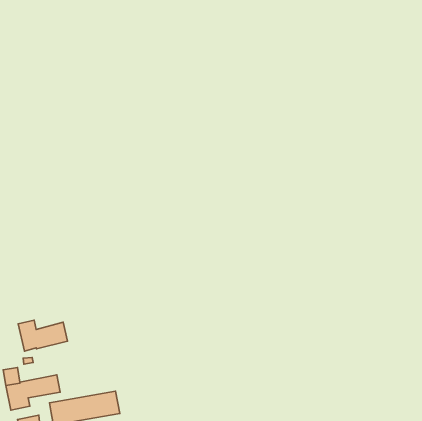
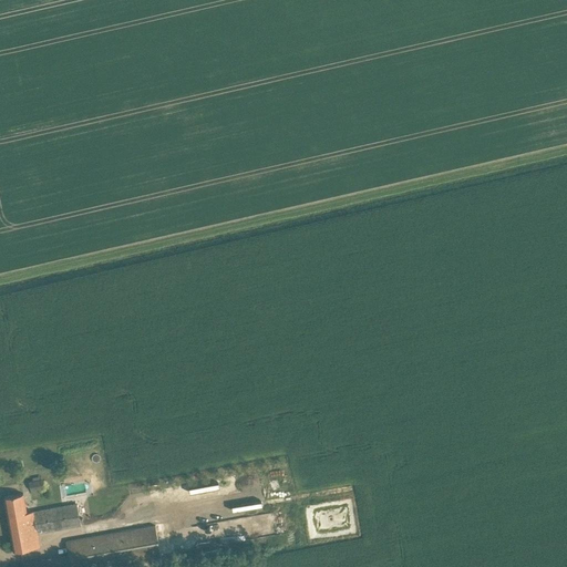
building: [18,320,68,351] -> none

